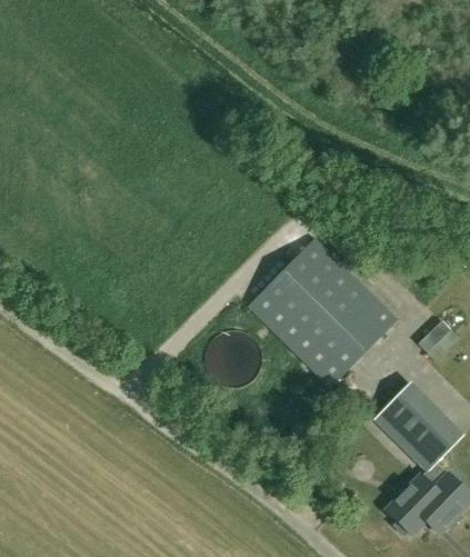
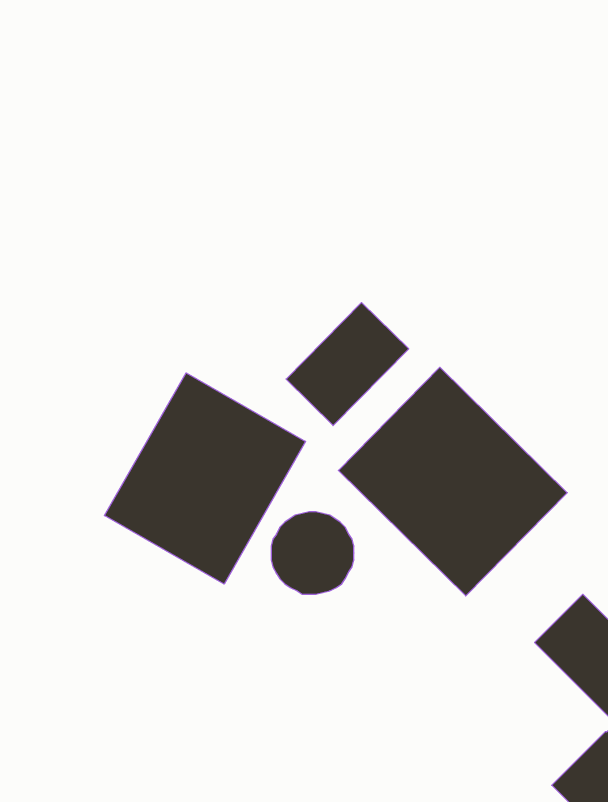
building: none -> [286,303,409,426]
building: none -> [104,373,306,584]

